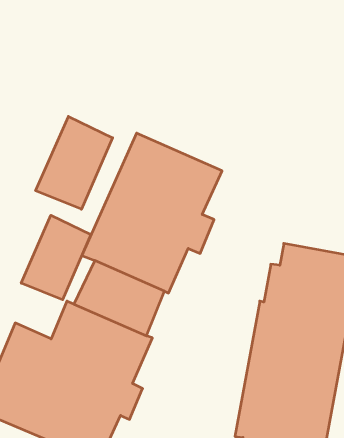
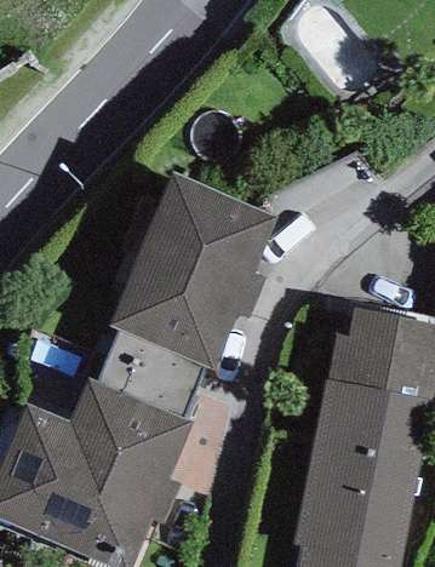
building: [36,116,113,209] -> none
building: [21,215,91,300] -> none

